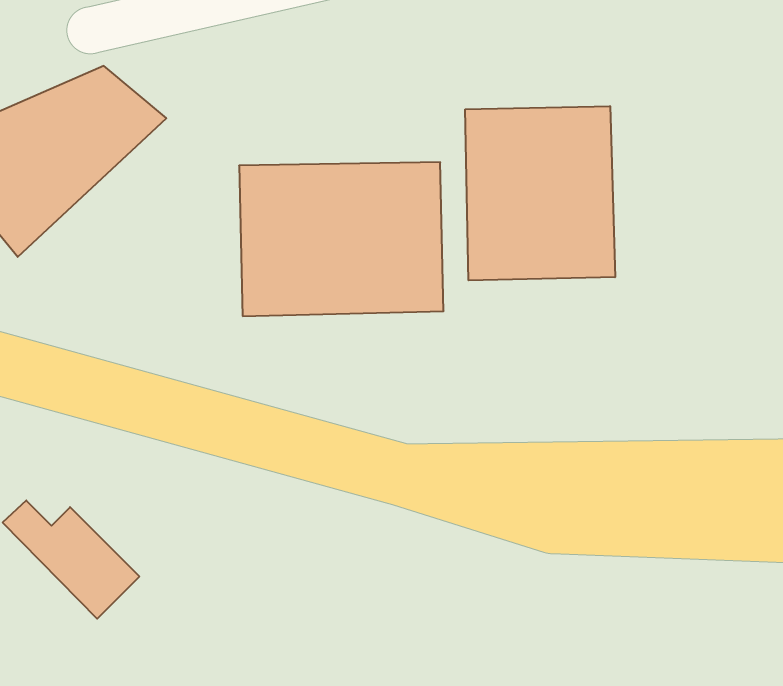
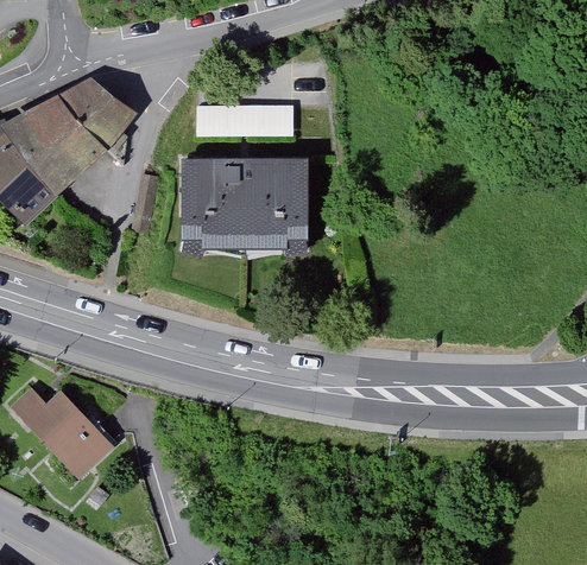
building: none -> [189,100,292,132]
building: [465,106,615,280] -> none

